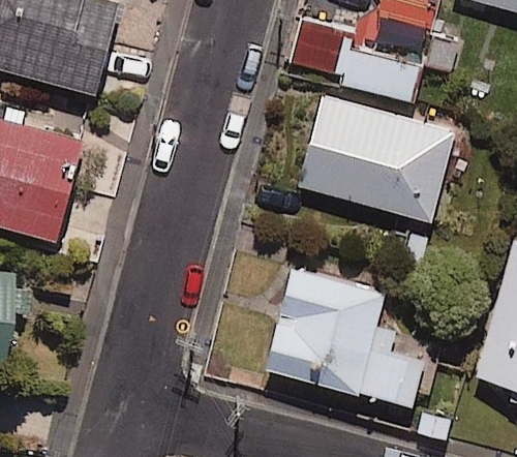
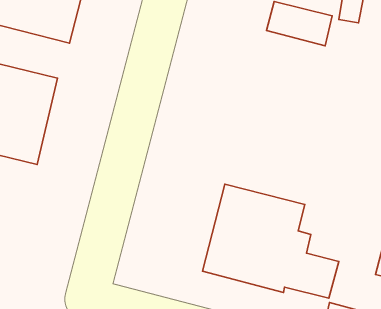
building: [298,94,457,221] -> none

